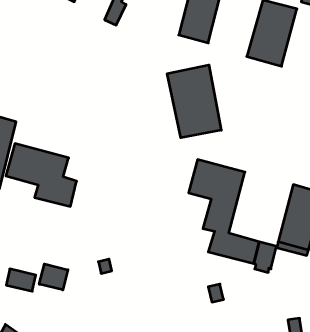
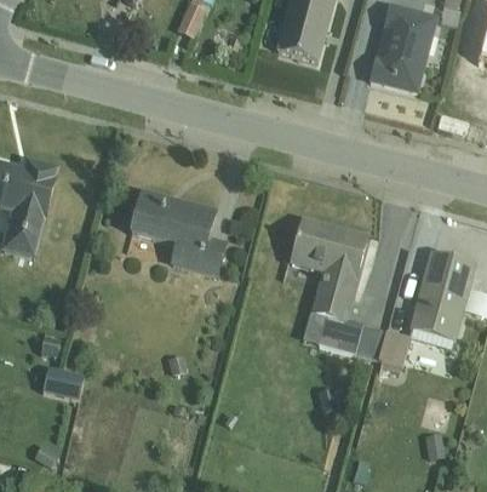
building: [167,65,221,138] -> none
building: [6,144,77,206] -> [130,190,225,275]
building: [39,264,68,290] -> none

